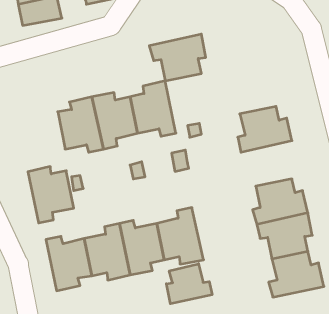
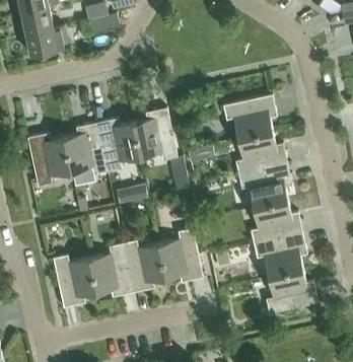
building: [149,34,206,81] -> [223,94,277,139]
building: none -> [239,164,292,208]
building: [28,167,74,223] -> [28,133,72,187]
building: [166,264,212,304] -> none

